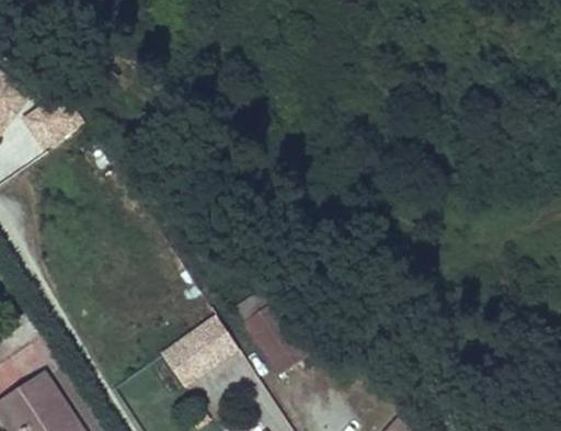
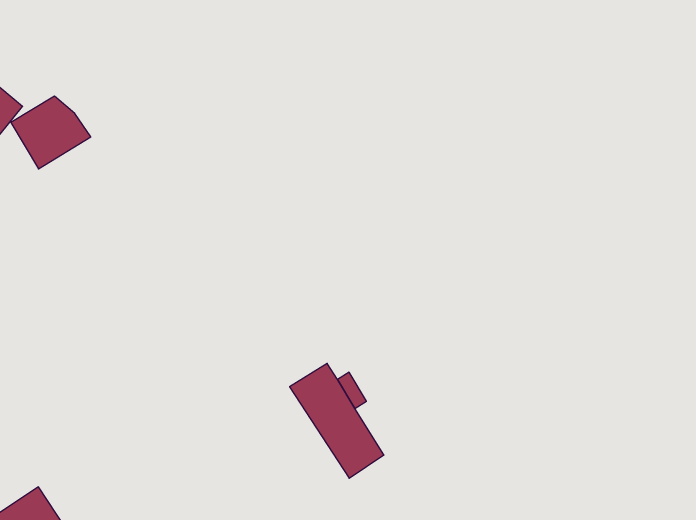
building: [162,316,237,384] -> none

